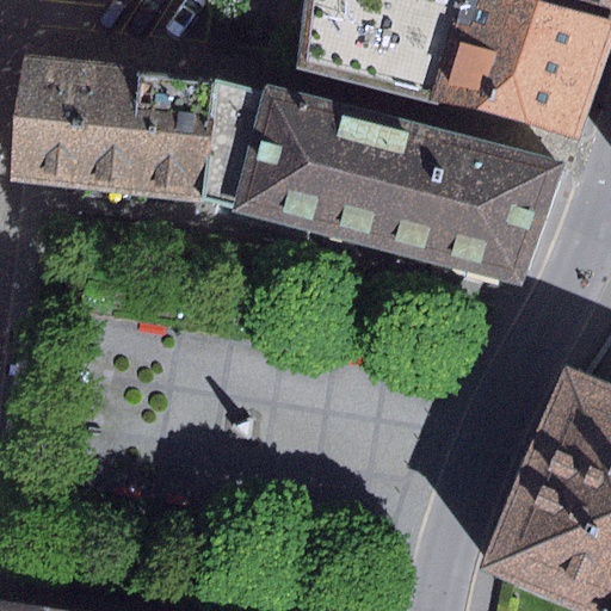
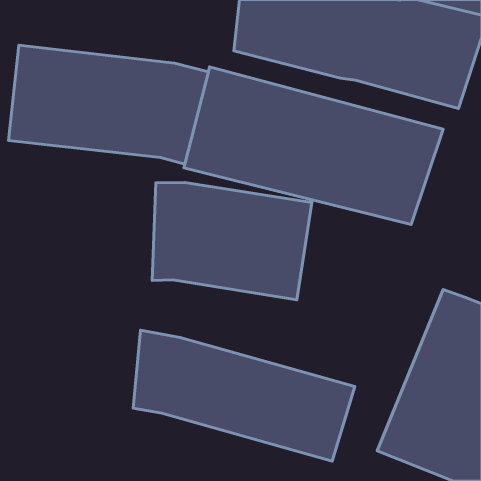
building: none -> [152,183,312,300]
building: none -> [133,330,355,461]

